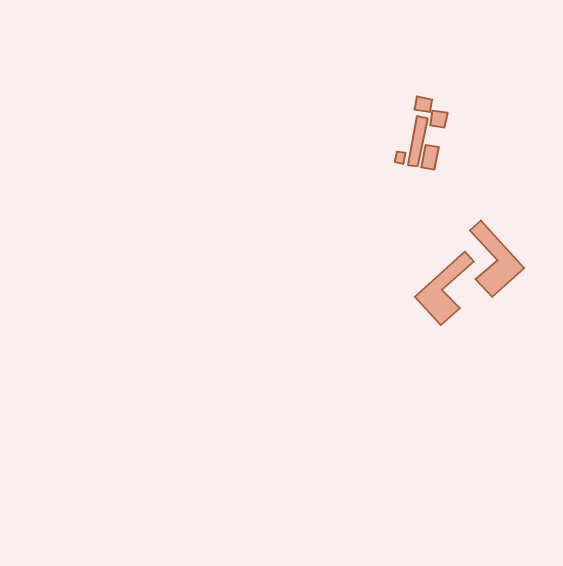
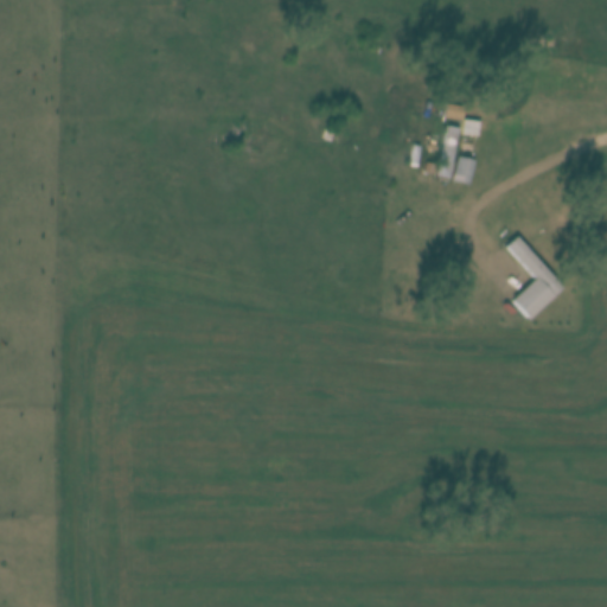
building: [415,252,474,325] -> none

